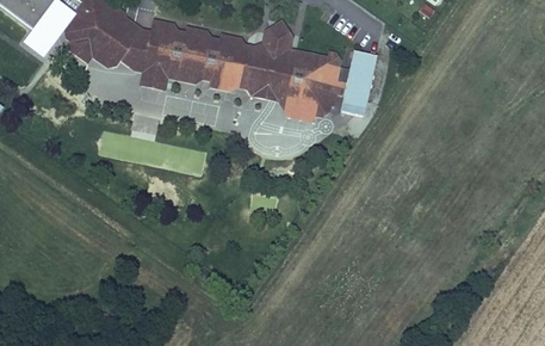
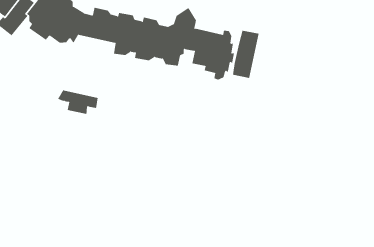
building: [125,56,181,89] -> [57,90,99,115]
building: [267,75,316,121] -> none

